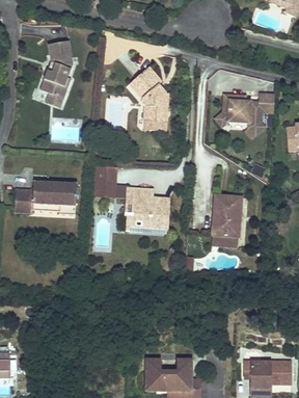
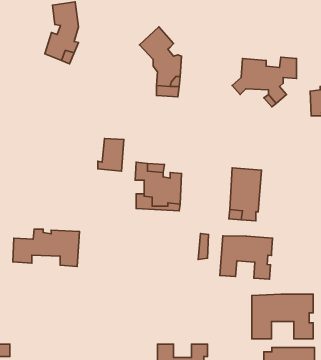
building: [17,181,78,215] -> [13,229,79,266]
building: none -> [220,236,273,279]
building: none -> [252,294,313,339]

